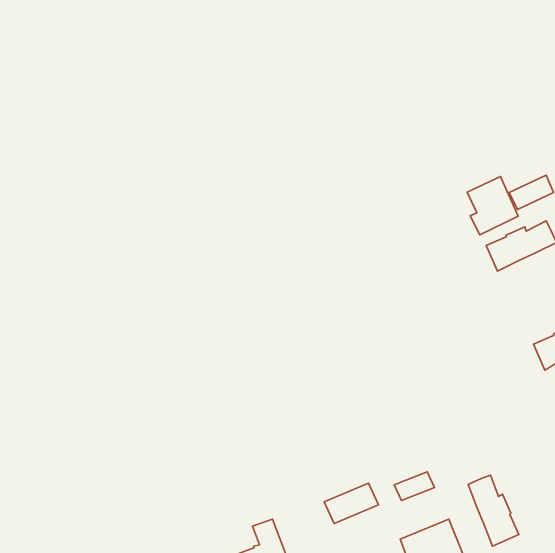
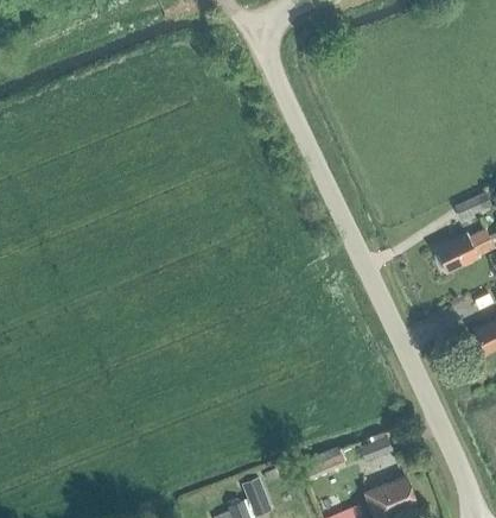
building: [467,177,518,235] -> none
building: [468,475,519,546] -> none

